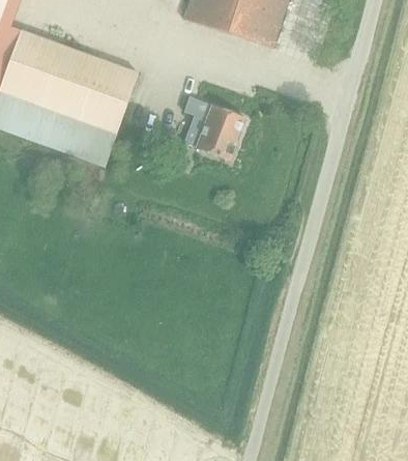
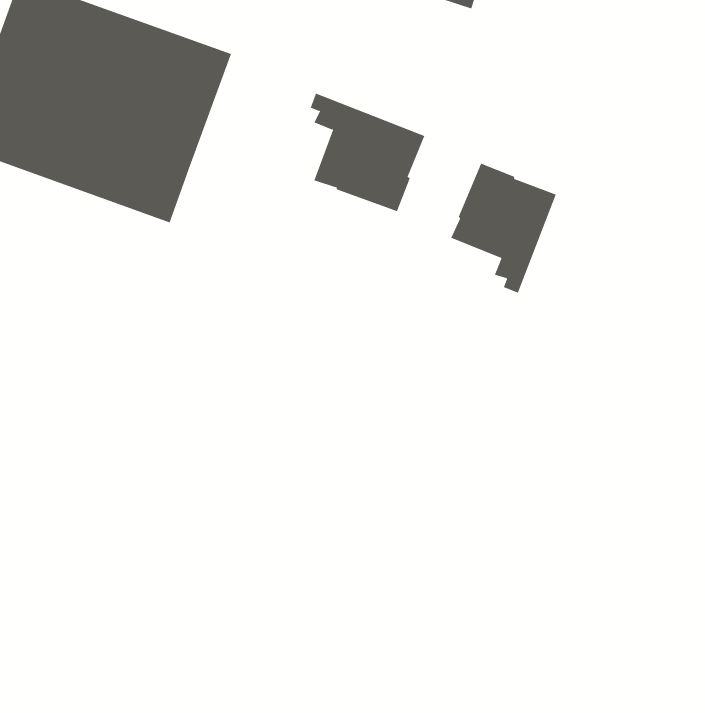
building: none -> [451,163,557,293]

